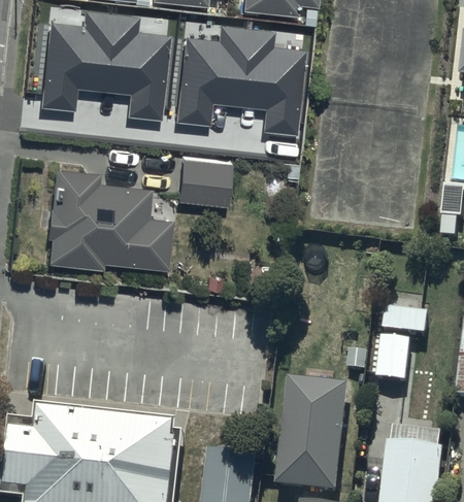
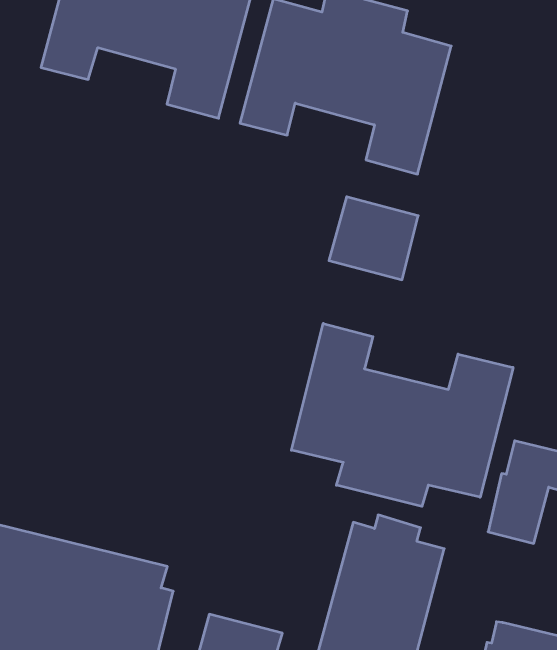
building: [176,159,230,207] -> [329,197,418,280]
building: [46,170,173,271] -> none
building: none -> [291,323,513,506]

